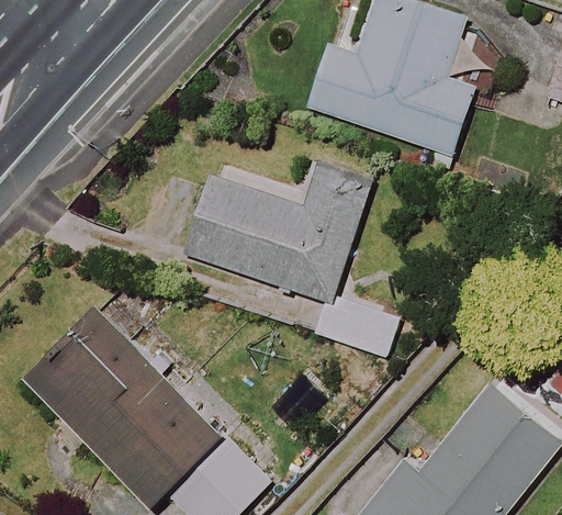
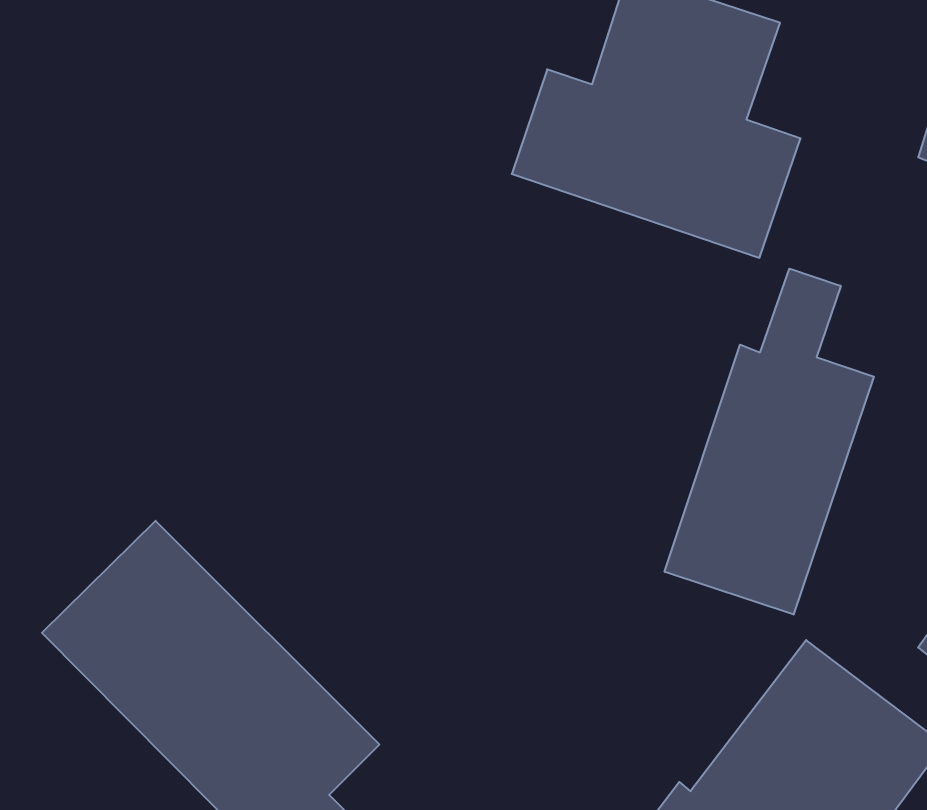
building: none -> [665,269,874,615]
building: [183,163,401,359] -> none

